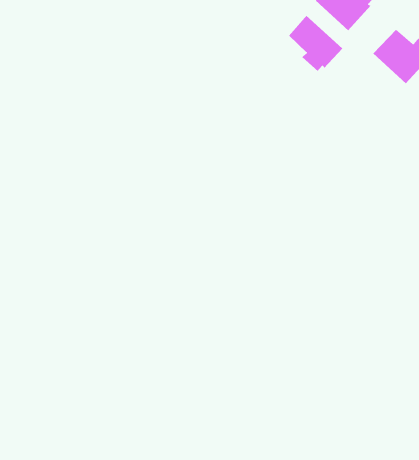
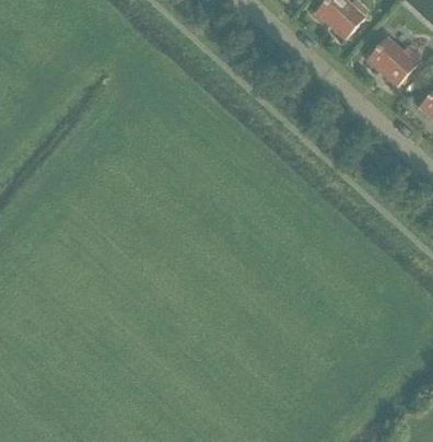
building: [288,15,343,72] -> none

